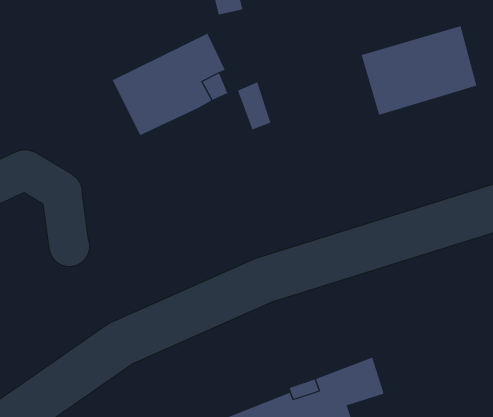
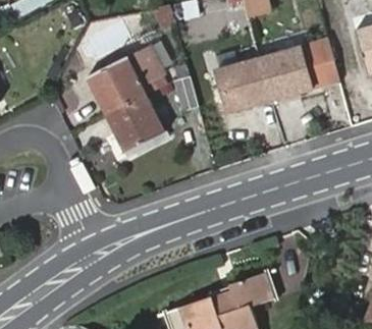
building: none -> [218,59,271,112]
building: none -> [106,96,164,151]

